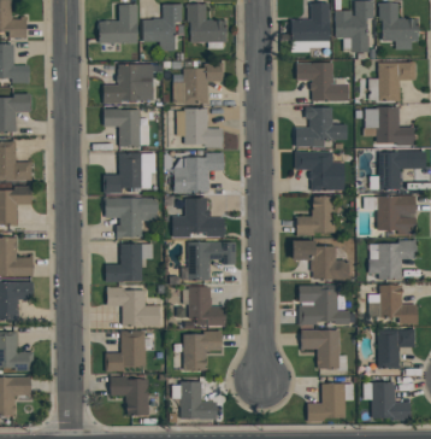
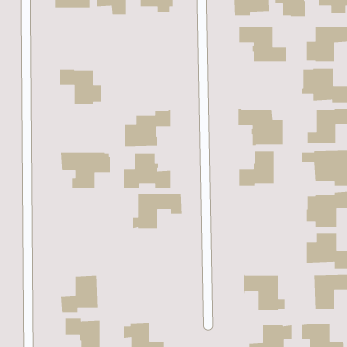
building: [173,63,224,104] -> none
building: [104,64,161,104] -> none
building: [295,107,347,147] -> none
building: [177,109,223,147] -> none
building: [104,153,155,193] -> none
building: [293,241,349,281] -> none
building: [106,244,153,282] -> none
building: [299,286,355,326] -> none
building: [107,287,159,327] -> none
building: [183,287,226,327] -> none
building: [183,332,222,370] -> none

